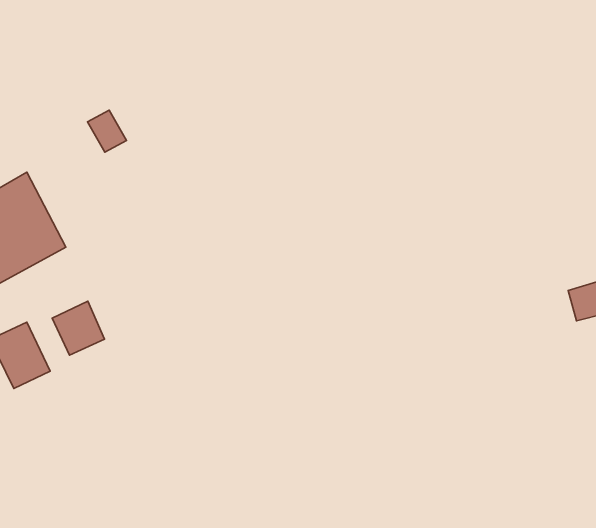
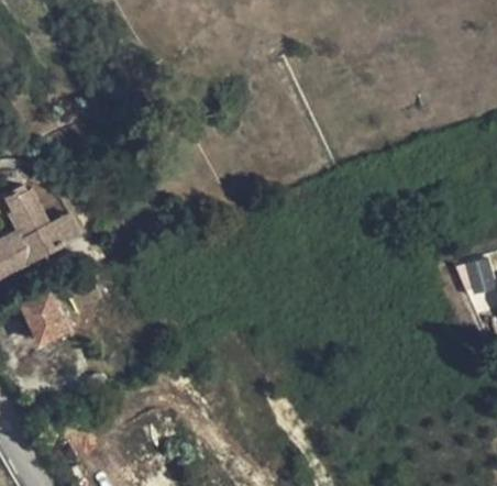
building: [52,301,104,355] -> none

